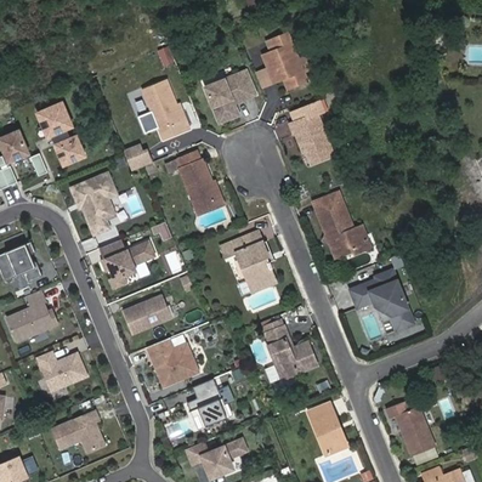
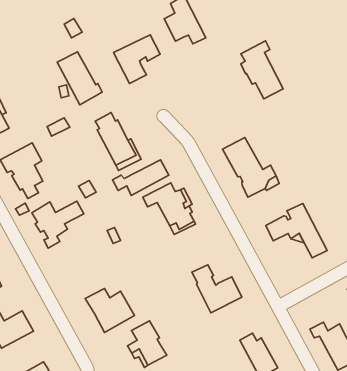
building: [291,103,334,165] -> [241,41,283,99]
building: none -> [112,160,169,195]
building: [123,295,171,334] -> none

